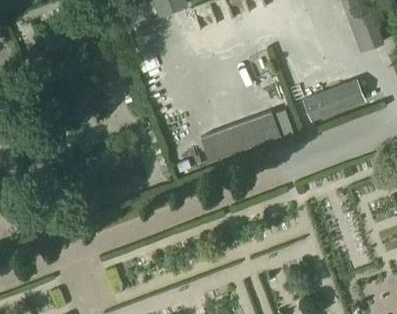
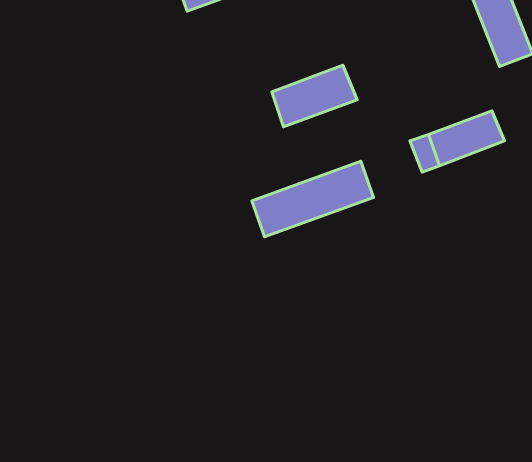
building: none -> [272,65,357,127]

